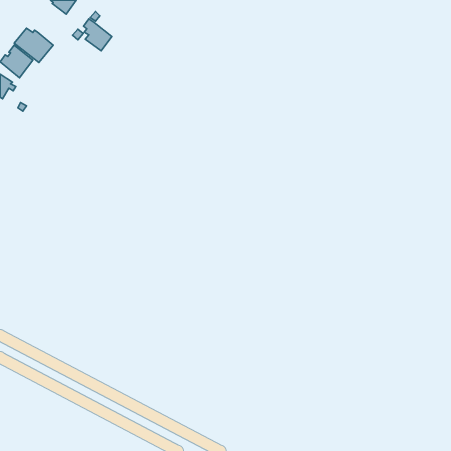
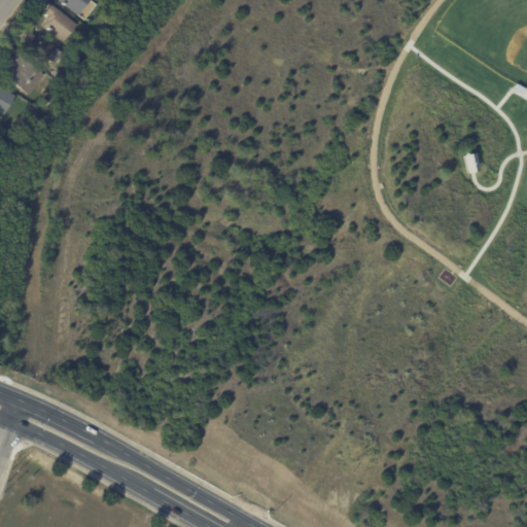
building: [83,19,112,51] -> [45,4,78,41]

